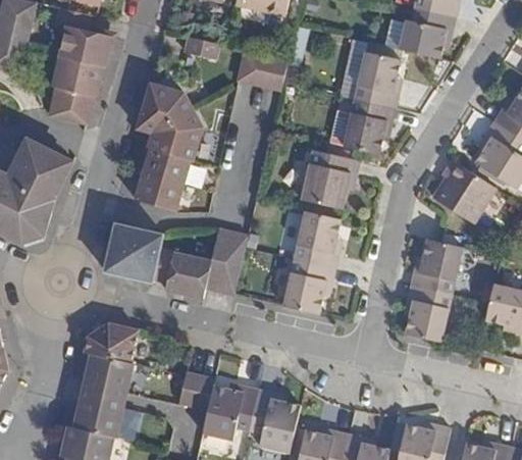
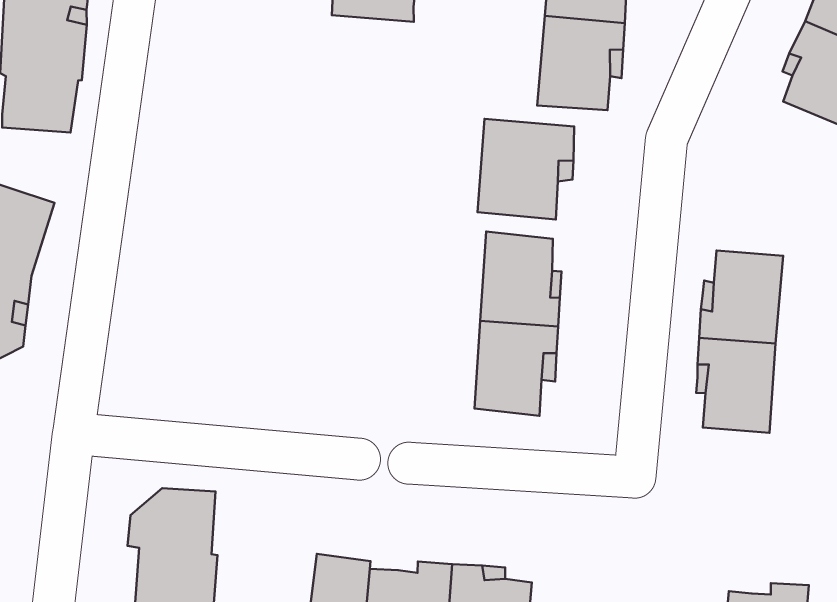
building: [135,83,201,211] -> none
building: [432,159,493,222] -> none
building: [104,223,247,298] -> none

